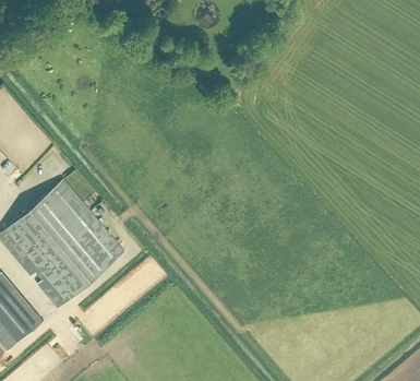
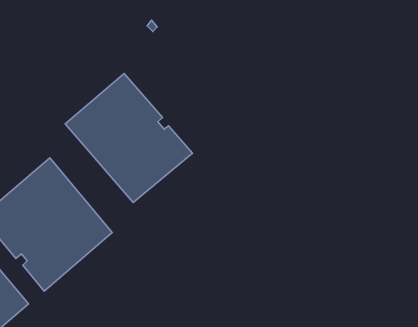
building: none -> [65,73,192,203]

